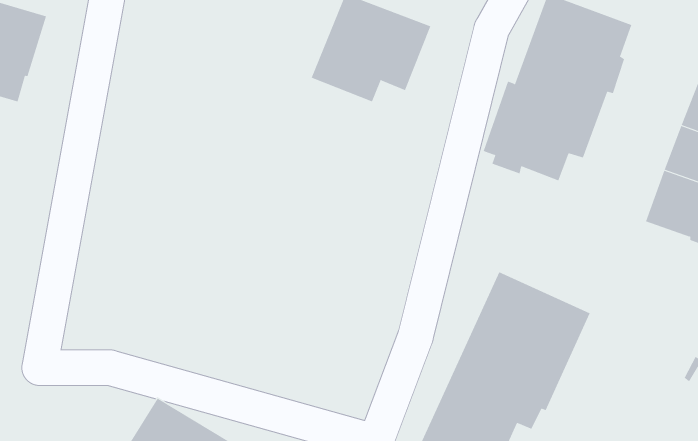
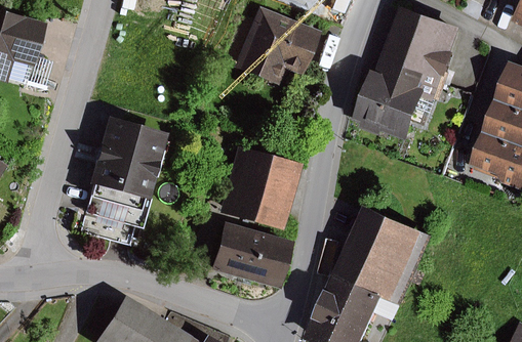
building: none -> [78,116,167,245]
building: none -> [209,146,300,289]

